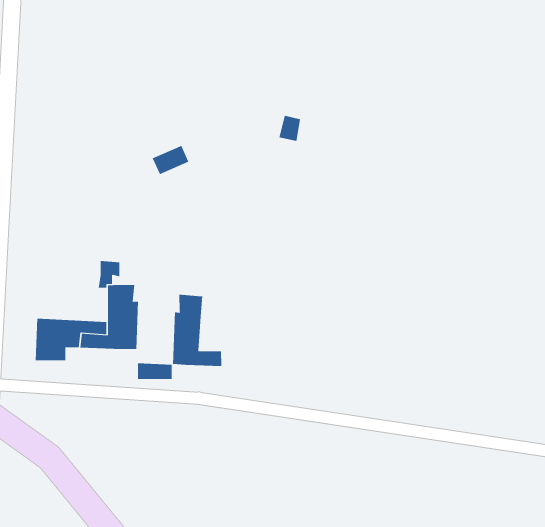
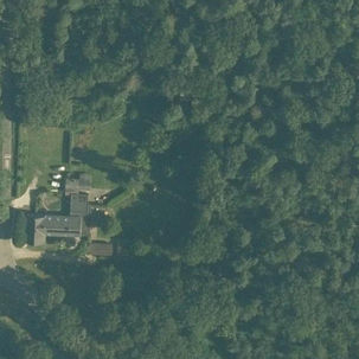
building: [172,294,222,367] -> none

